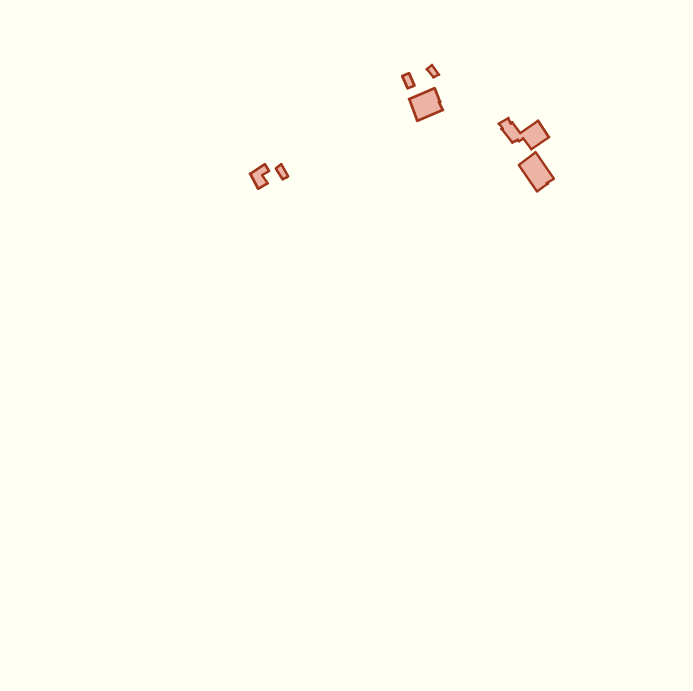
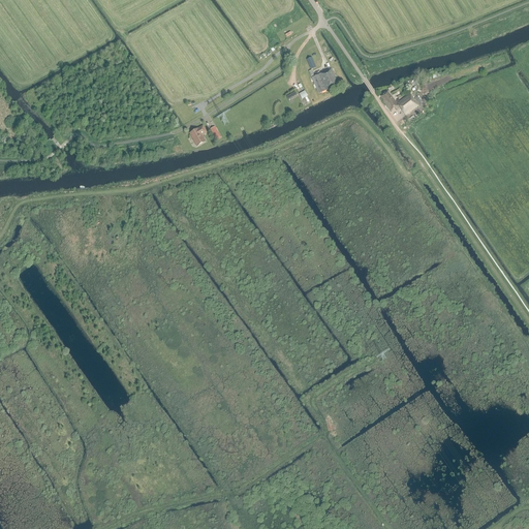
building: [519,152,554,191] -> none

